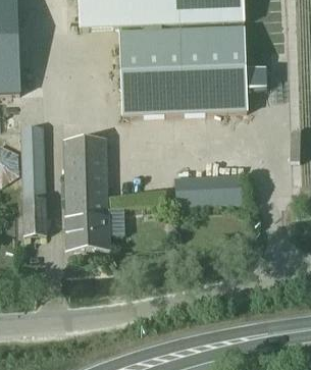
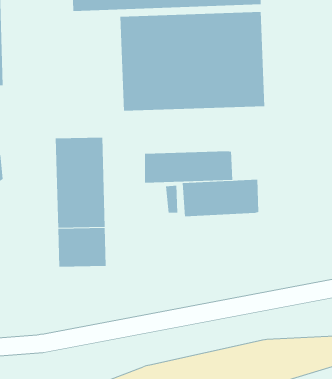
building: [21,124,47,234] -> none
building: none -> [144,151,233,183]

